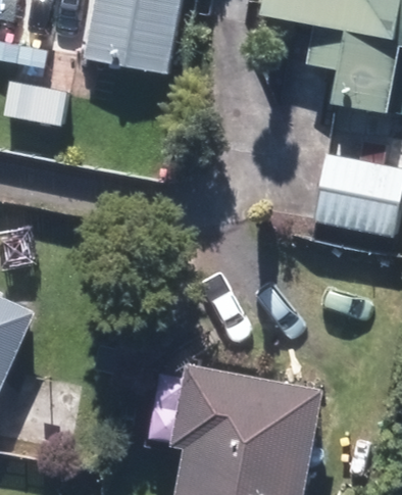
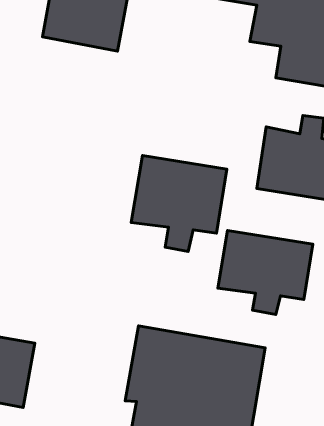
building: none -> [131,155,227,252]
building: none -> [218,230,313,314]

